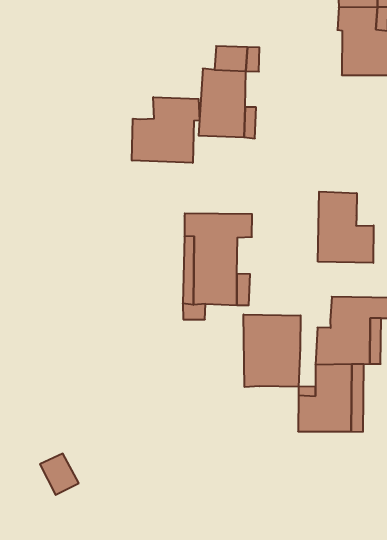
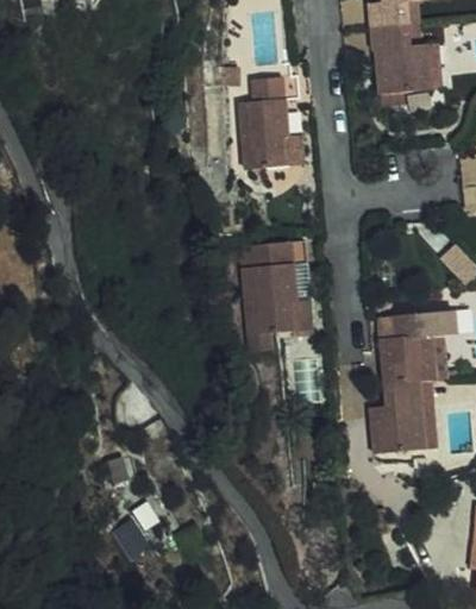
building: [132,97,199,163] -> none
building: [318,192,374,263] -> none
building: [244,314,301,387] -> none

